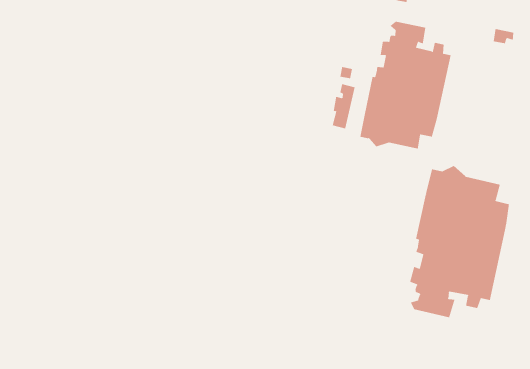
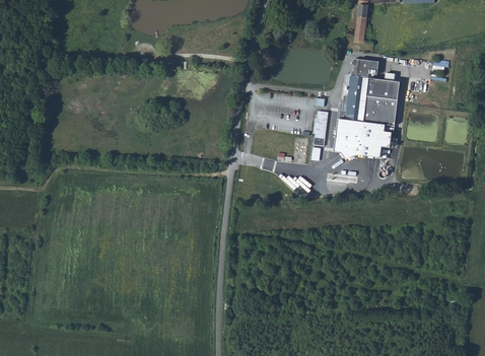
building: [409,165,510,318] -> none

